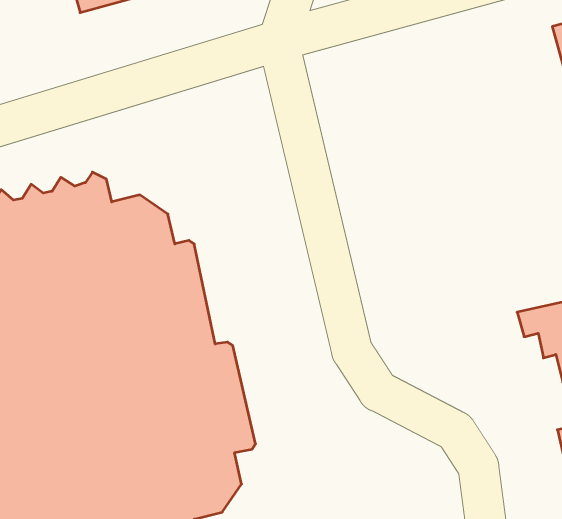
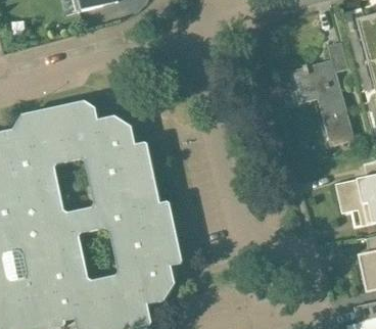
building: none -> [276,43,352,146]

